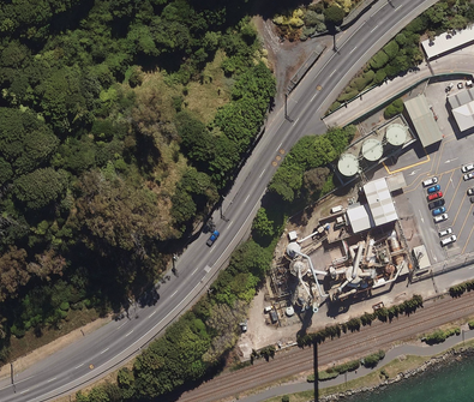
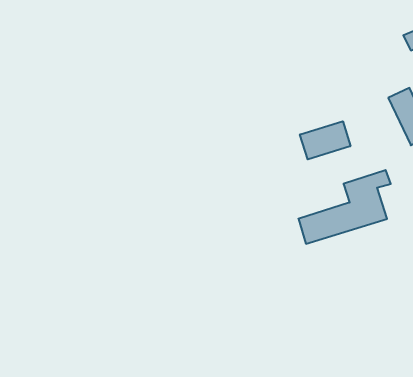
building: none -> [300,121,350,159]

